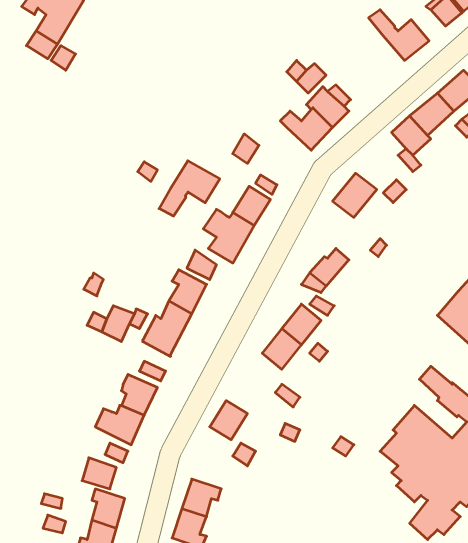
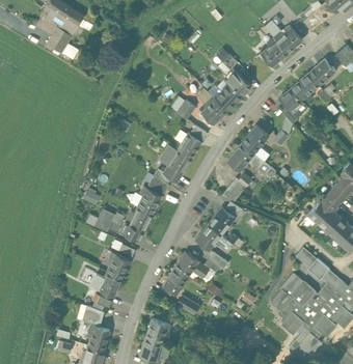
building: none -> [260,38,287,67]
building: none -> [200,96,227,125]
building: [159,161,220,216] -> none
building: none -> [226,143,264,171]
building: none -> [173,252,208,278]

